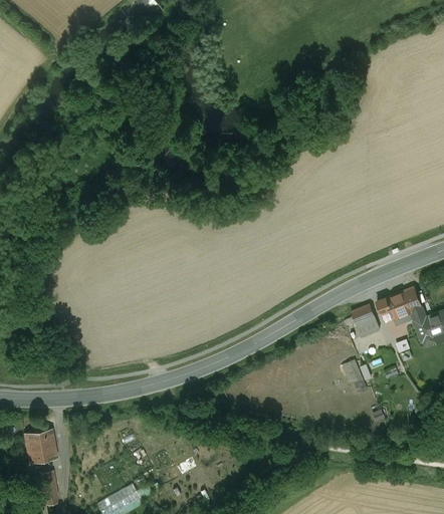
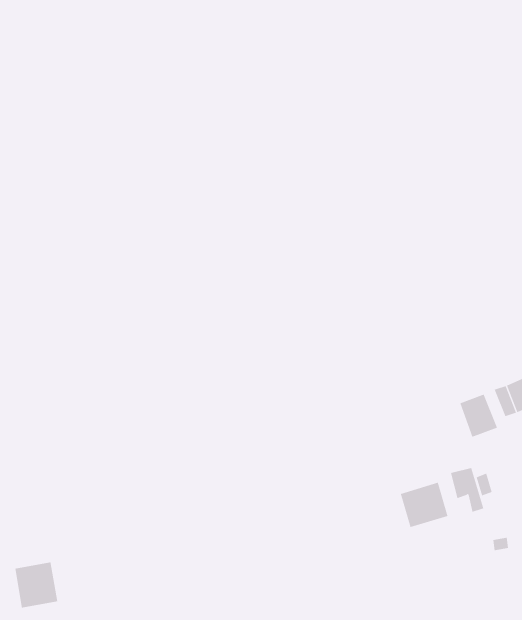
building: none -> [400,482,448,528]

